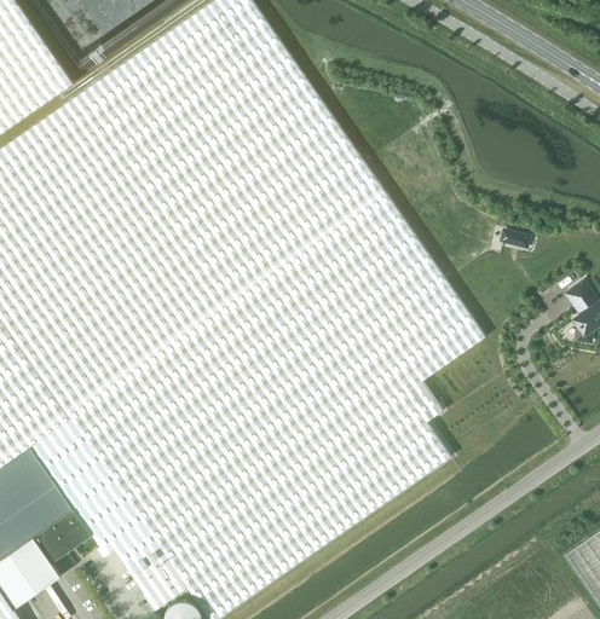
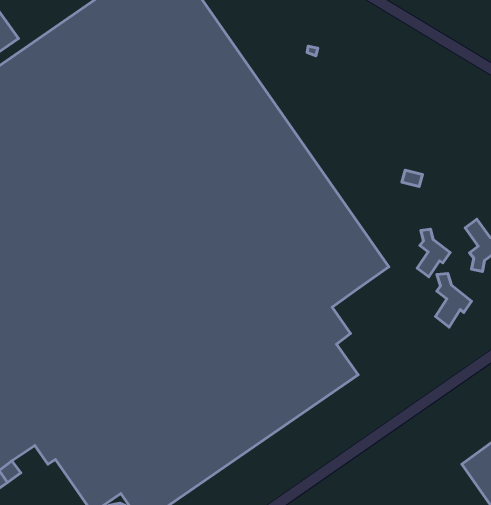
building: none -> [417,229,450,277]
building: none -> [436,274,471,327]

